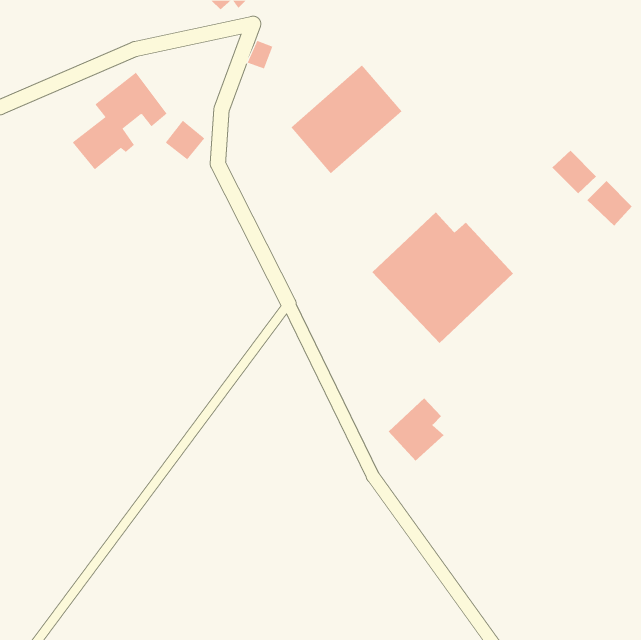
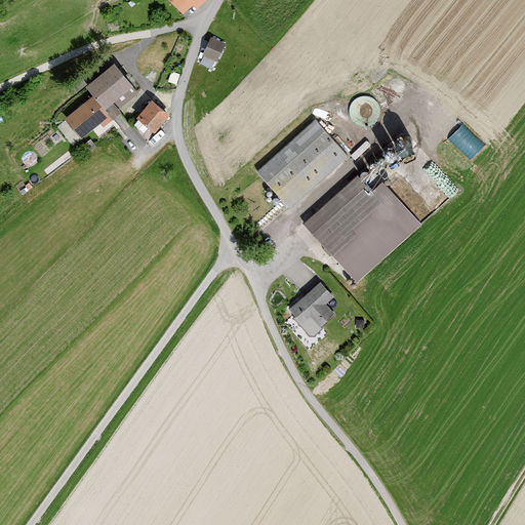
building: [290,65,402,174] -> [255,120,347,209]
building: [587,180,633,226] -> none
building: [388,397,444,462] -> [289,282,335,334]

